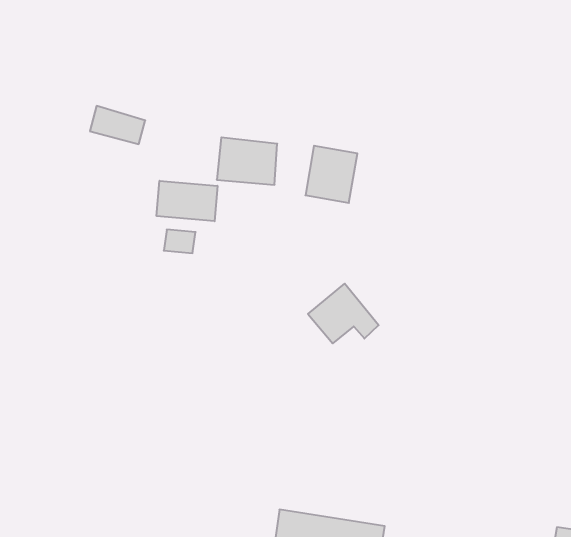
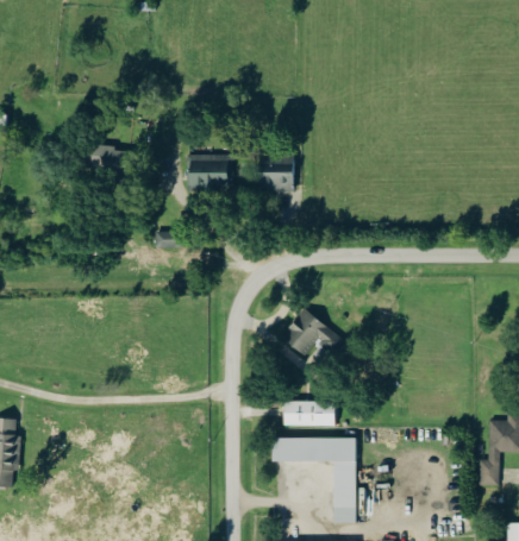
building: [157,181,217,221] -> none
building: [308,284,379,343] -> [281,308,337,356]
building: none -> [283,401,334,427]

